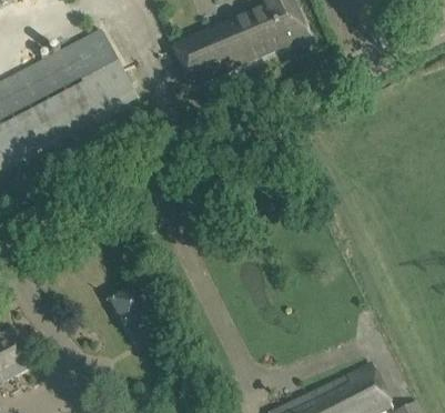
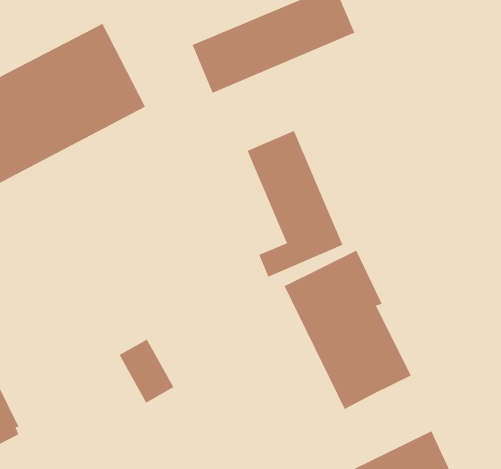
building: none -> [247,130,343,277]
building: none -> [284,250,412,410]

